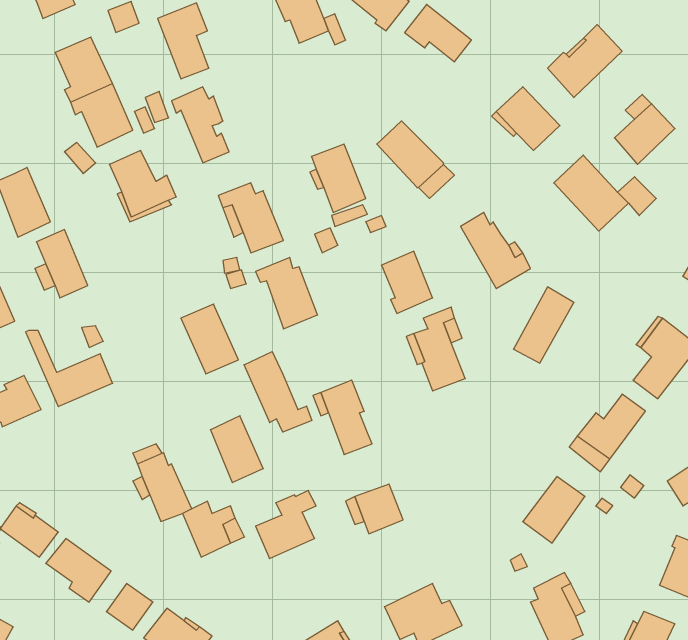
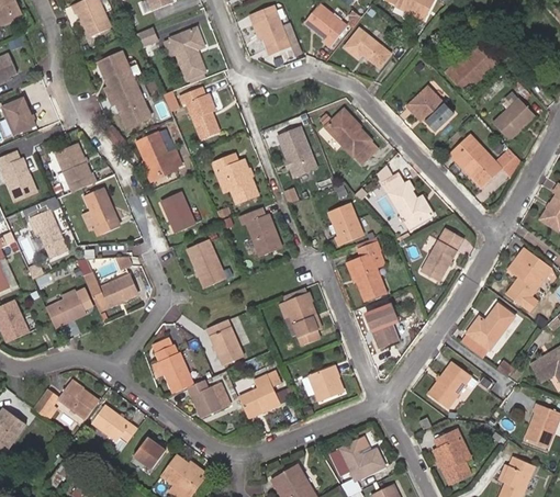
building: none -> [159,191,195,234]
building: [244,352,312,432] -> none
building: none -> [365,305,400,348]

